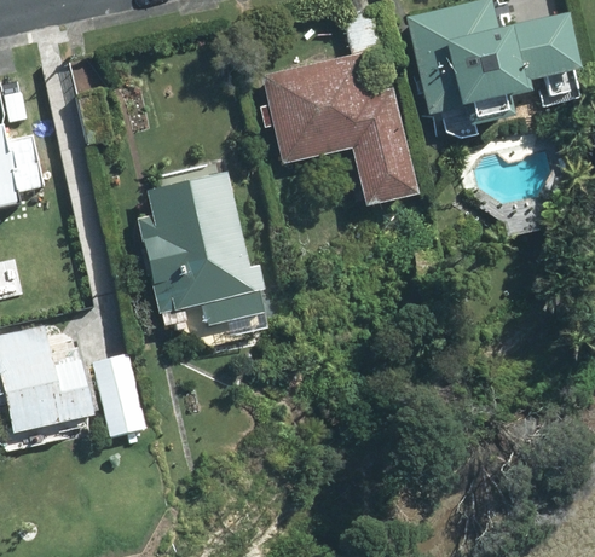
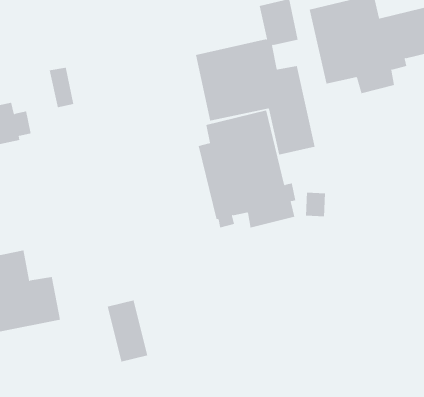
building: [138,173,264,324] -> [198,110,296,228]
building: [89,355,143,435] -> [107,300,148,362]

